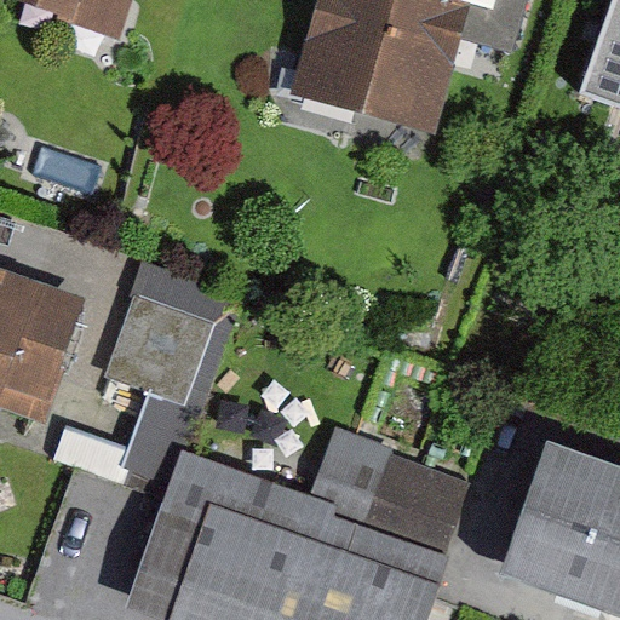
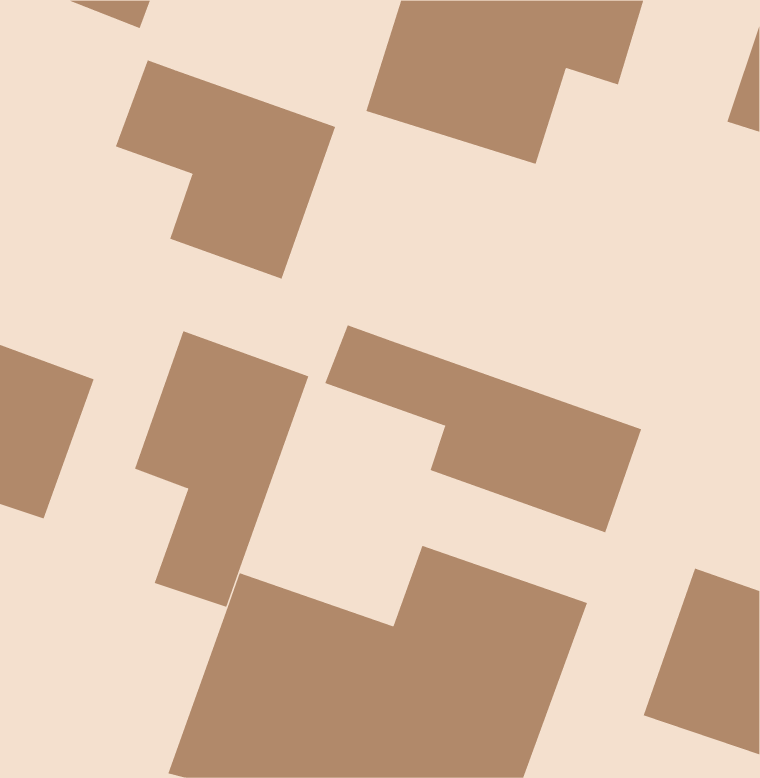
building: none -> [115,60,336,280]
building: none -> [325,324,642,533]

